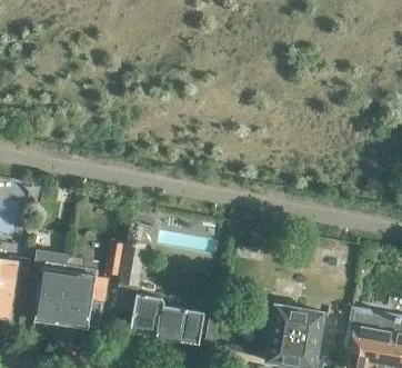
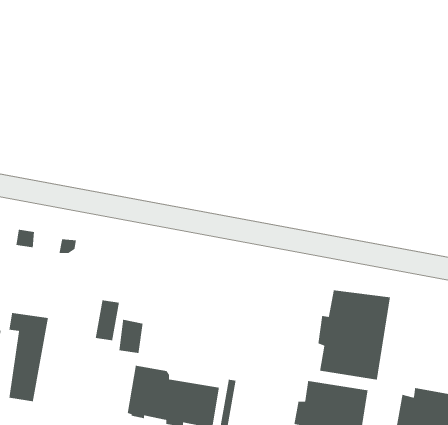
building: none -> [317,290,391,380]
building: [56,257,108,329] -> none

